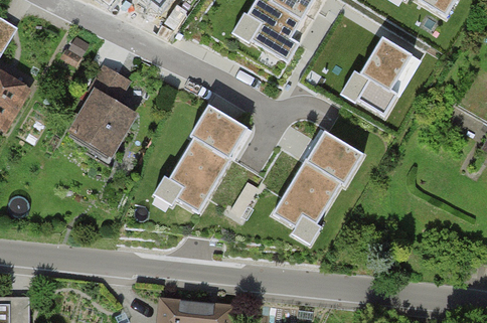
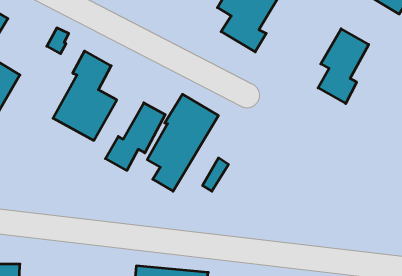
building: none -> [105,103,165,170]
building: [273,132,365,229] -> none

